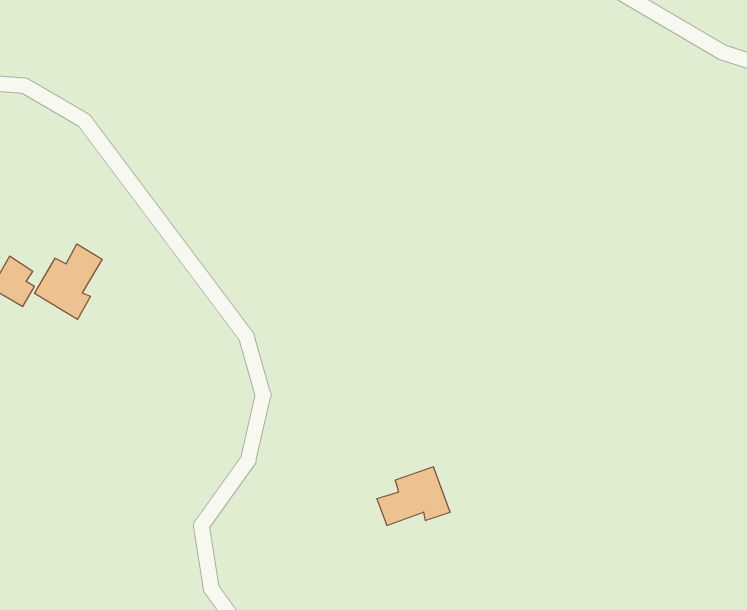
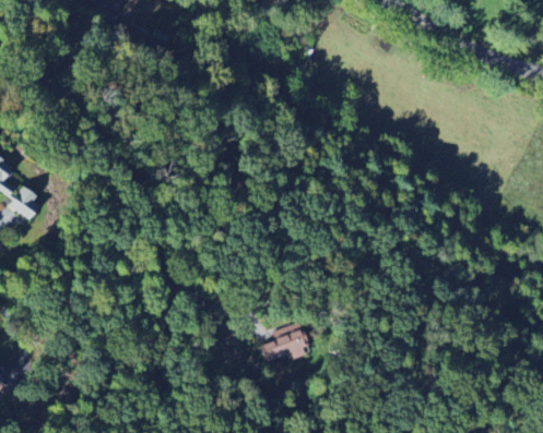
building: [35,244,102,319] -> none

